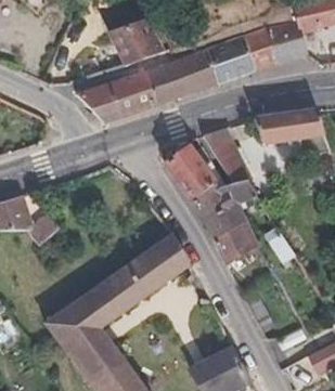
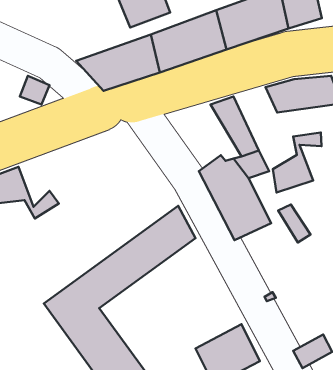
building: [167,146,214,198] -> none
building: none -> [273,132,322,193]

